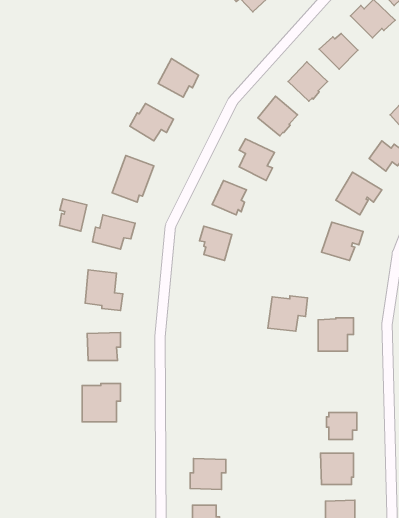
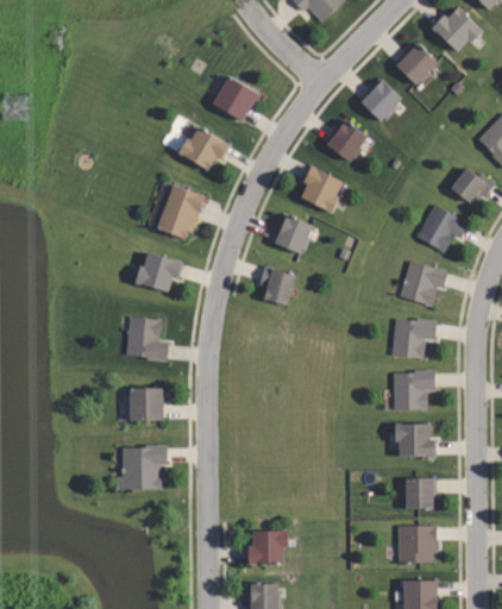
building: [59,199,87,231] -> none
building: [268,296,307,331] -> [391,318,437,358]
building: none -> [396,423,435,457]

